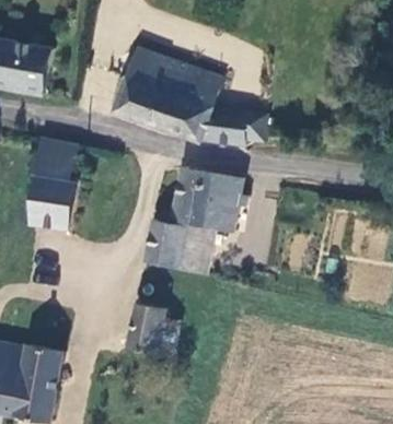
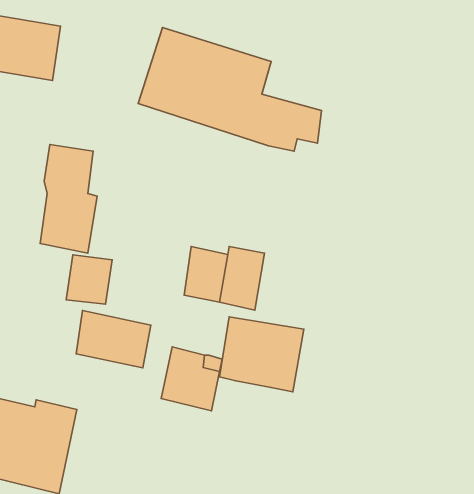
building: [173,172,241,232] -> [220,317,304,392]
building: none -> [66,255,112,304]
building: none -> [76,310,151,368]

